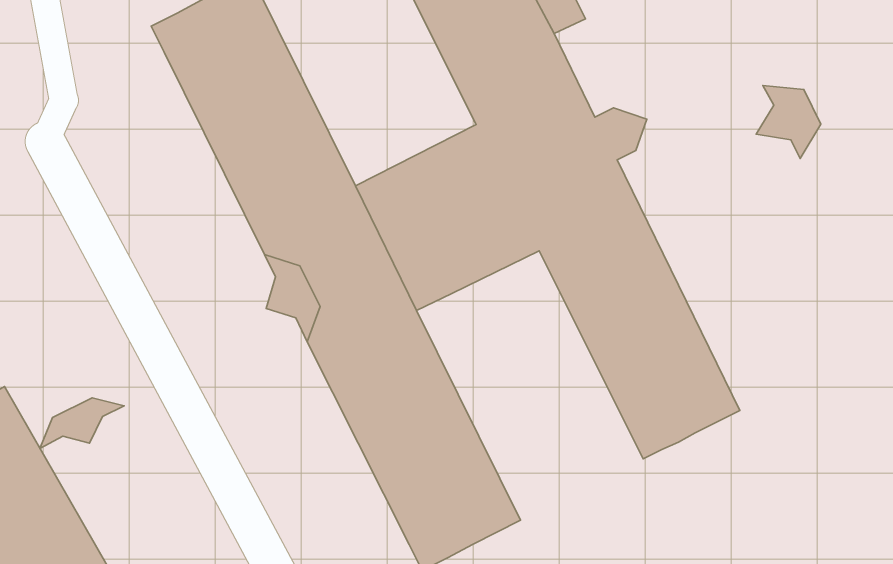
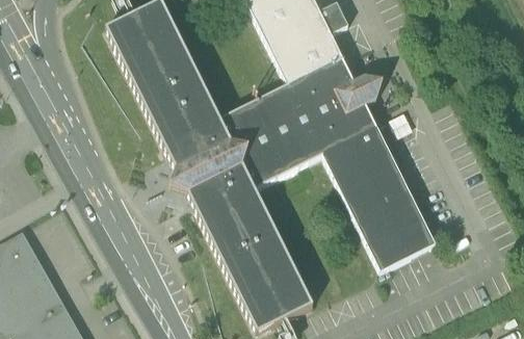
building: [756,86,821,159] -> none
building: [40,398,124,448] -> none

